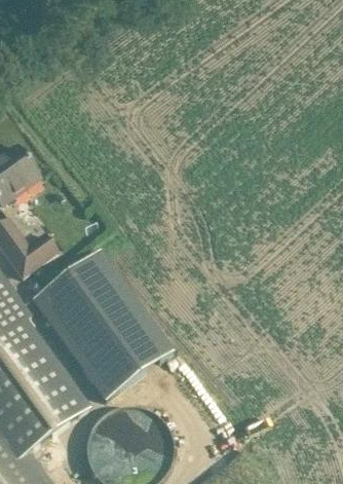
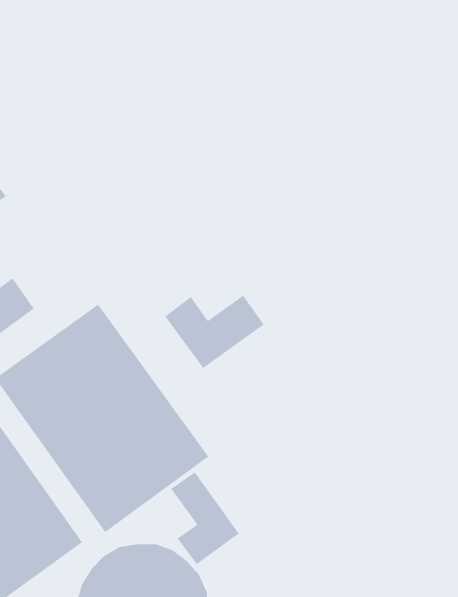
building: none -> [165,295,264,369]
building: none -> [171,472,240,565]

